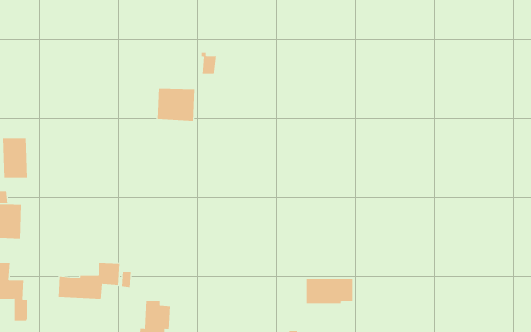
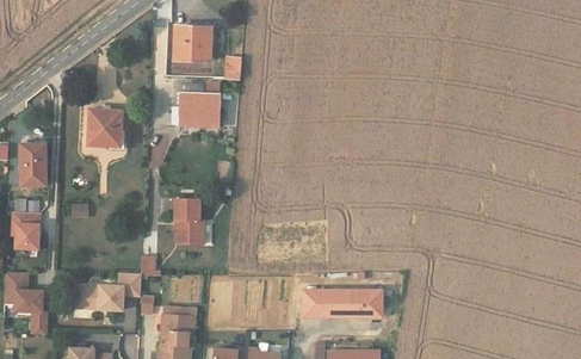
building: none -> [173,25,209,61]
building: none -> [87,109,122,147]
building: none -> [173,199,203,243]
building: none -> [303,290,333,316]

